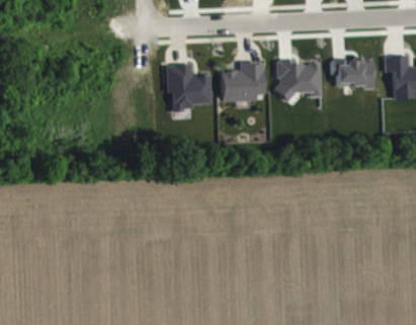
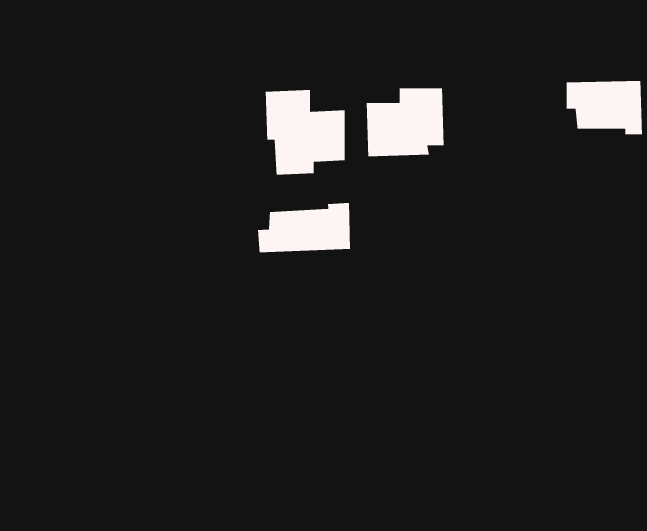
building: [277,59,321,96] -> none
building: none -> [257,202,351,253]

